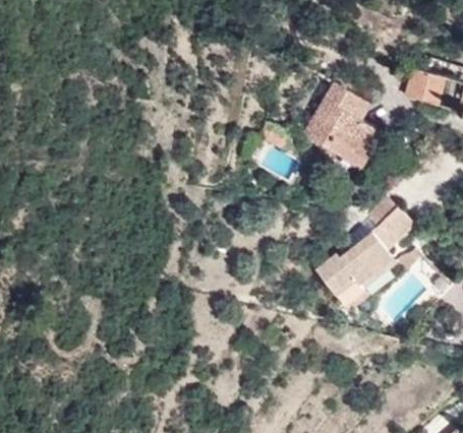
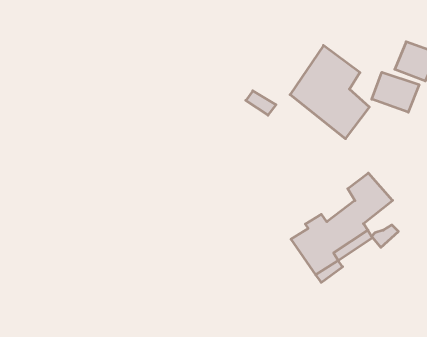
building: none -> [372,72,419,112]

